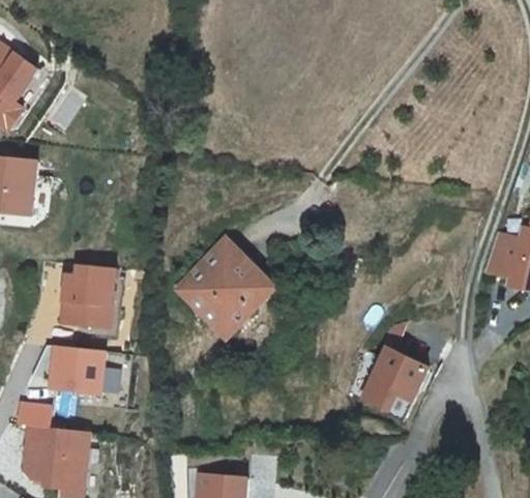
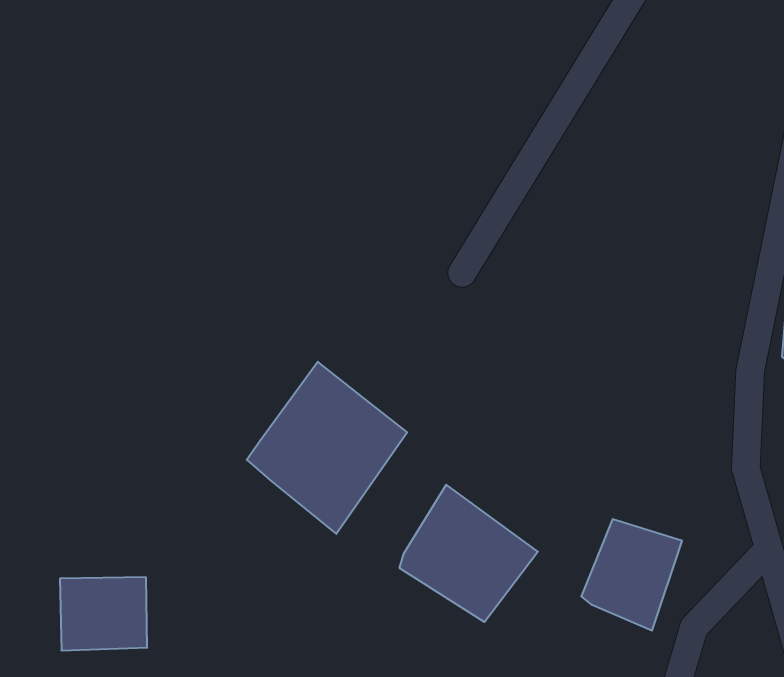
building: [56,263,111,325] -> none
building: none -> [400,485,538,622]

